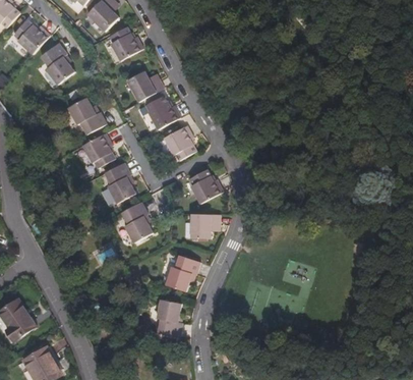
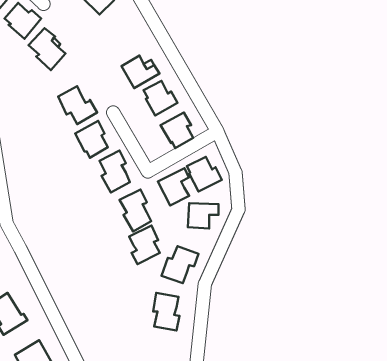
building: [112,24,145,59] -> none
building: none -> [158,168,189,205]
building: none -> [129,225,160,264]

